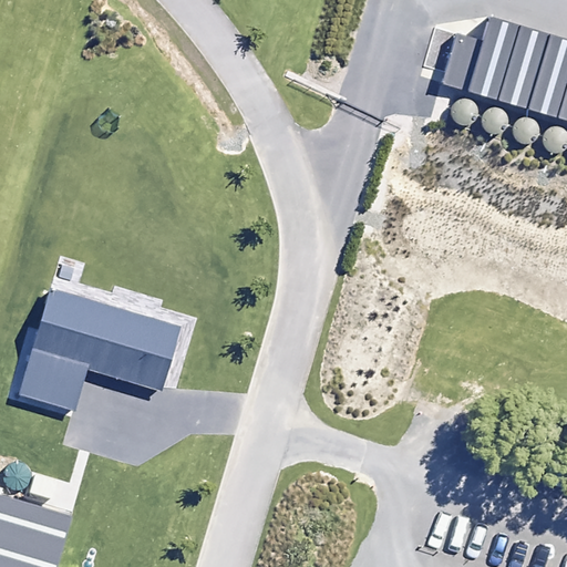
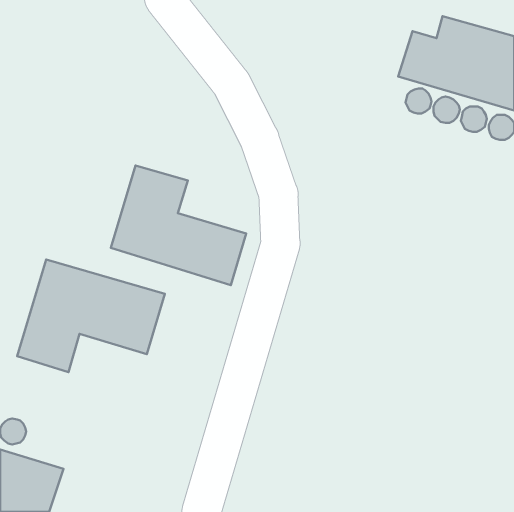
building: none -> [111,166,246,285]

